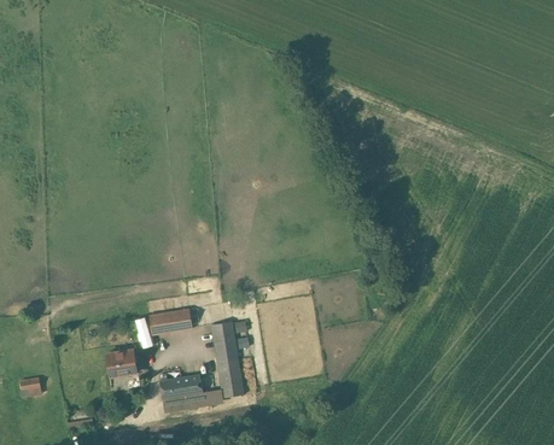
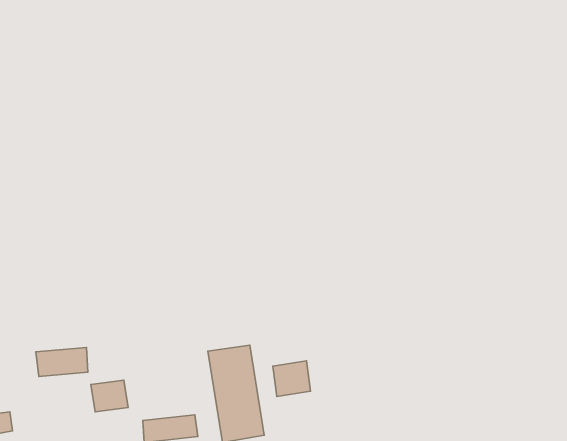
building: [142,311,186,335] -> [36,348,88,377]
building: none -> [273,361,311,397]

